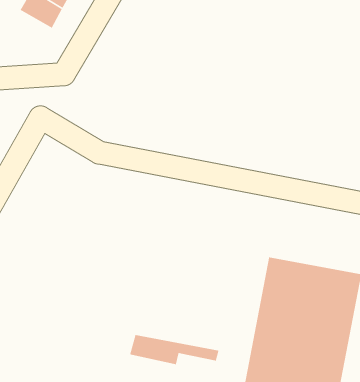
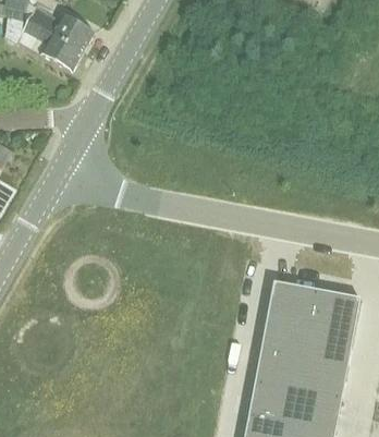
building: [129,334,219,365] -> none

